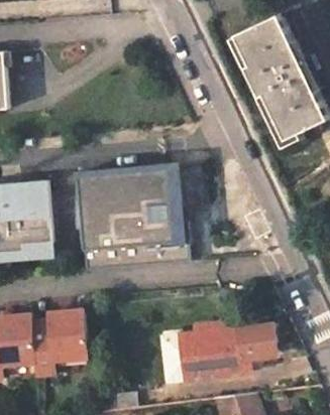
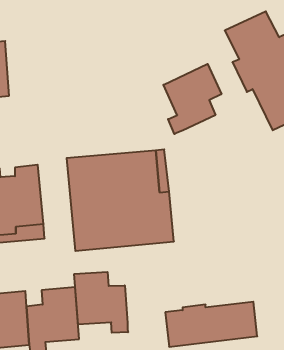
building: none -> [163,64,221,134]
building: none -> [74,272,128,333]

